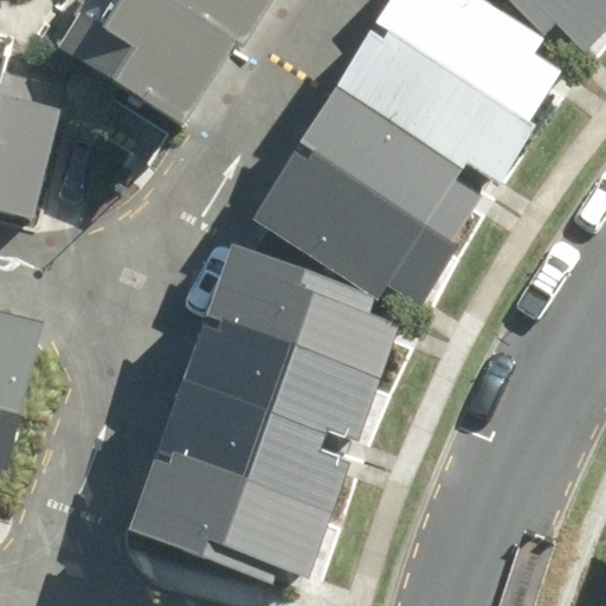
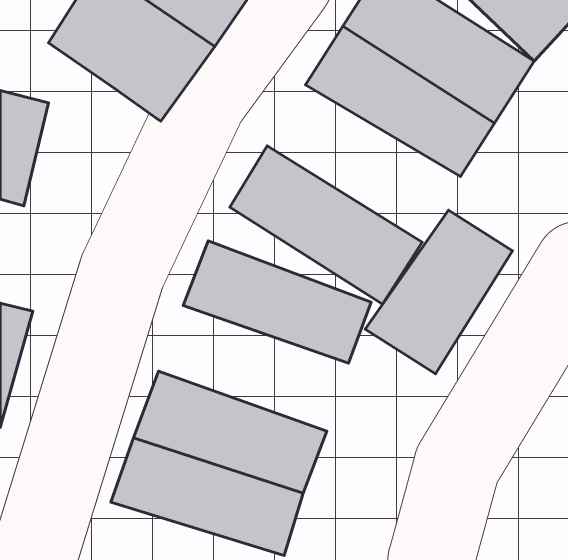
building: [290,89,492,253] -> none
building: none -> [365,210,512,374]
building: [176,320,375,451] -> none

